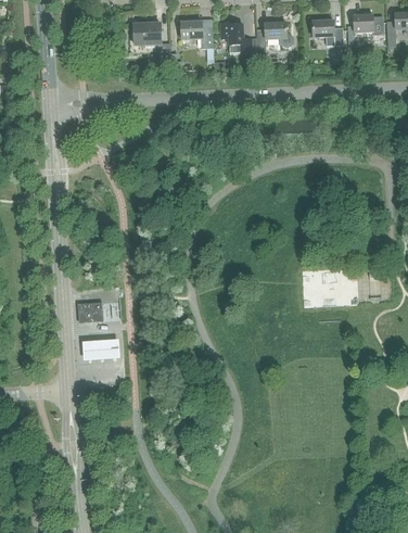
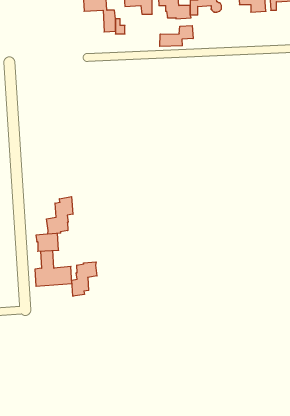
building: none -> [160,26,193,46]
building: none -> [47,197,73,234]
building: none -> [72,262,97,296]

